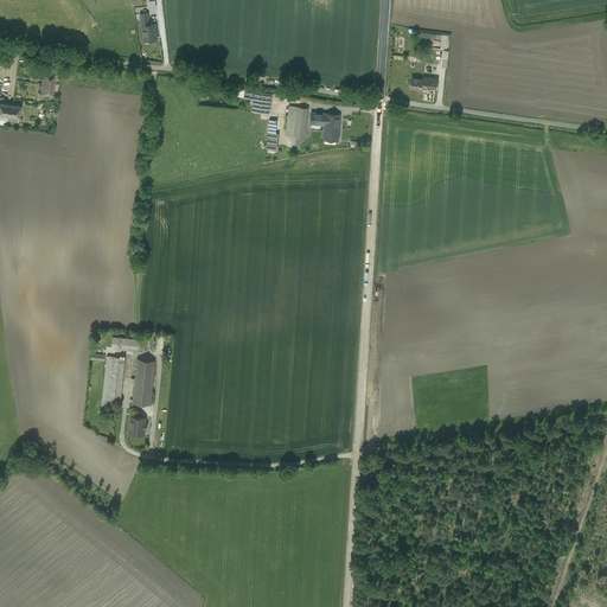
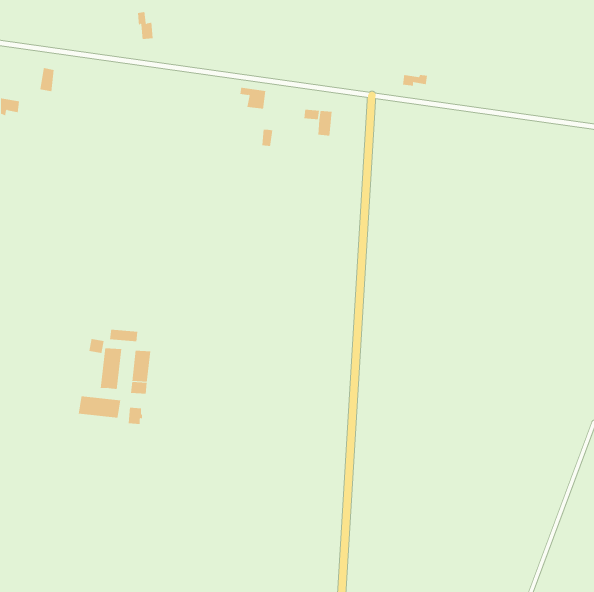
building: [286,107,307,139] -> none
building: none -> [78,395,121,419]

